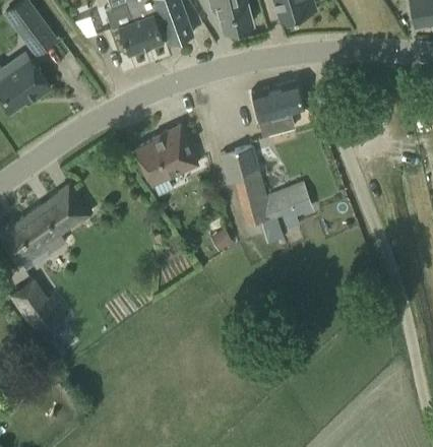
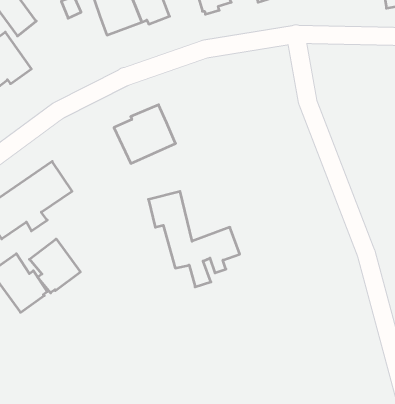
building: [251,80,305,137] -> none
building: [220,146,313,244] -> [148,191,240,287]
building: none -> [29,239,80,293]

